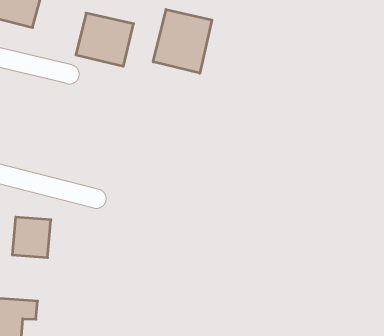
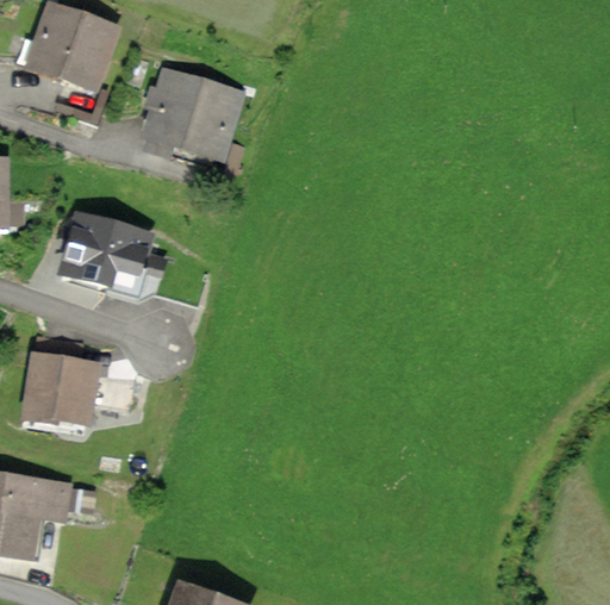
building: [153,9,212,73] -> none
building: none -> [61,208,157,295]

